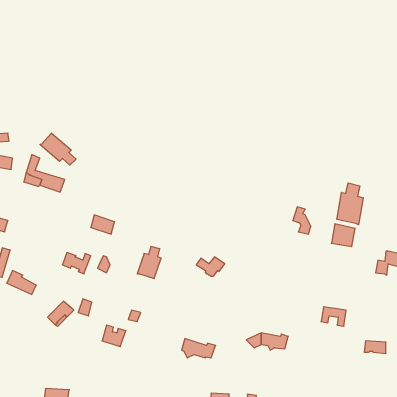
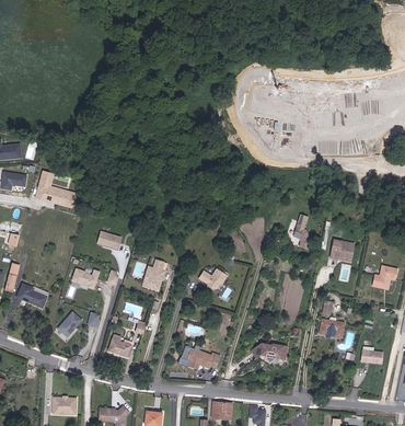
building: [40,133,76,165] -> none
building: [337,183,363,225] -> none

